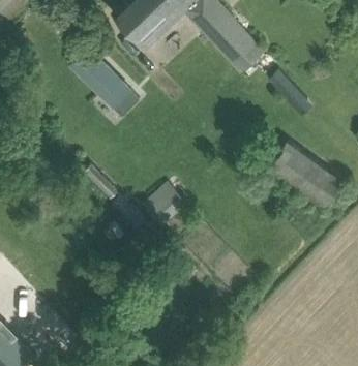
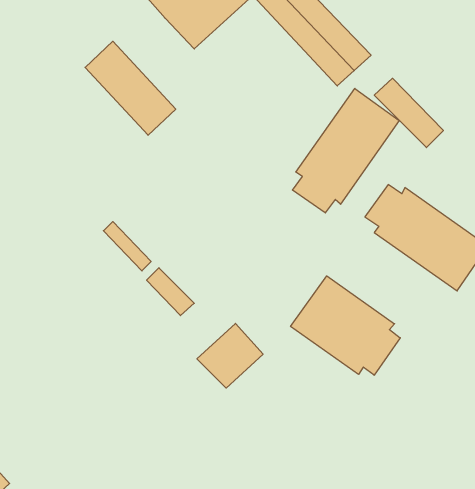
building: none -> [292,88,399,213]
building: [143,184,187,227] -> [197,323,263,388]
building: none -> [291,276,400,375]

